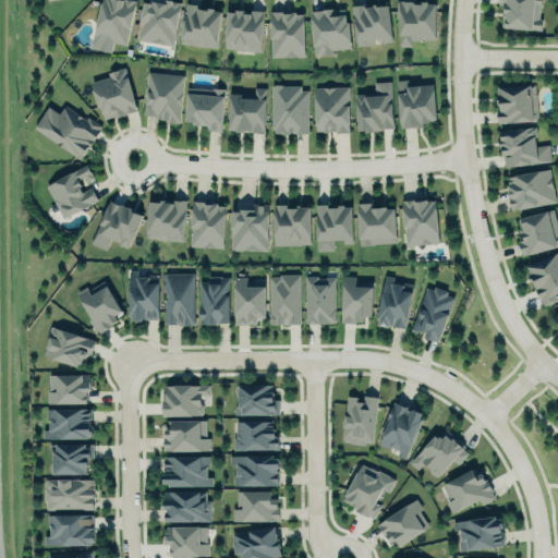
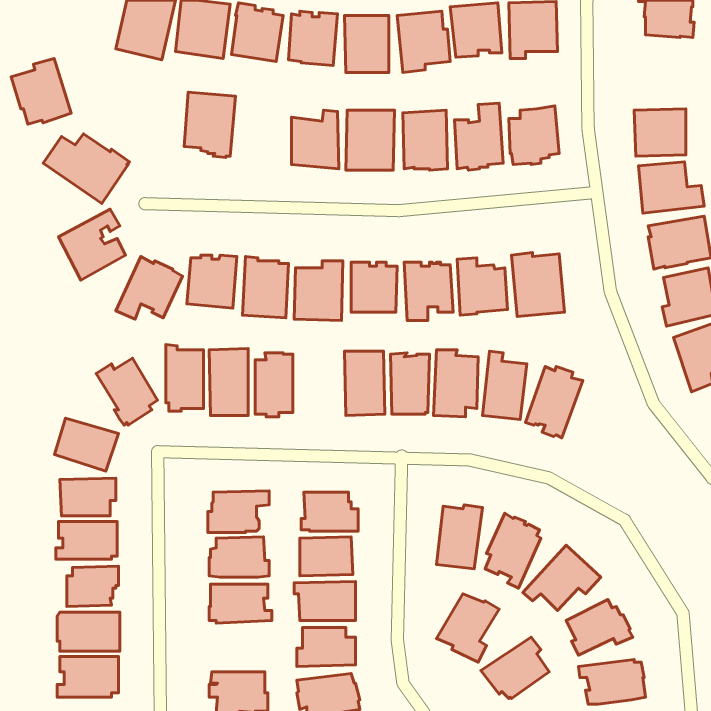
building: [92,69,138,120] -> [11,59,71,124]
building: [186,88,225,133] -> none
building: [236,278,267,326] -> none
building: [165,492,213,523] -> none

